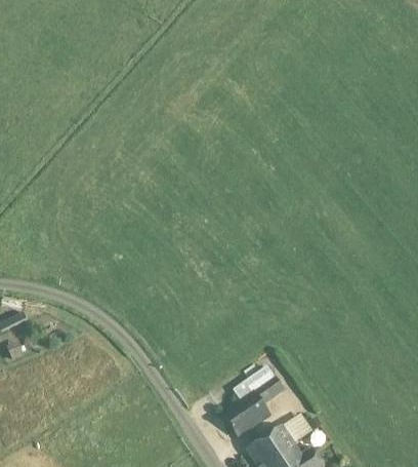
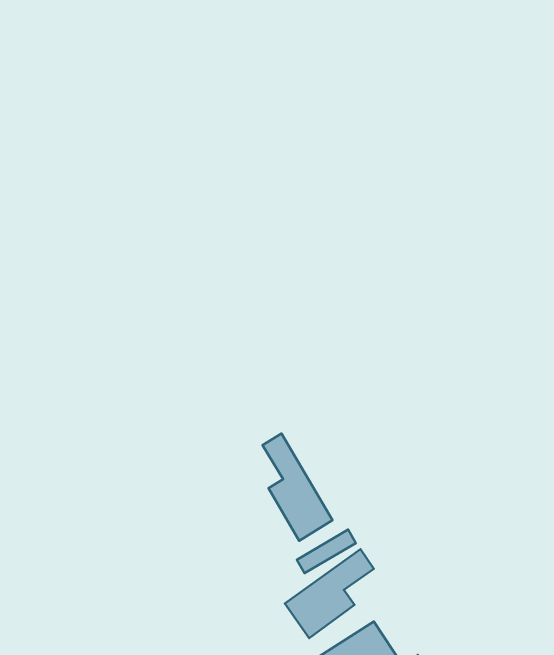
building: none -> [263,433,333,541]

